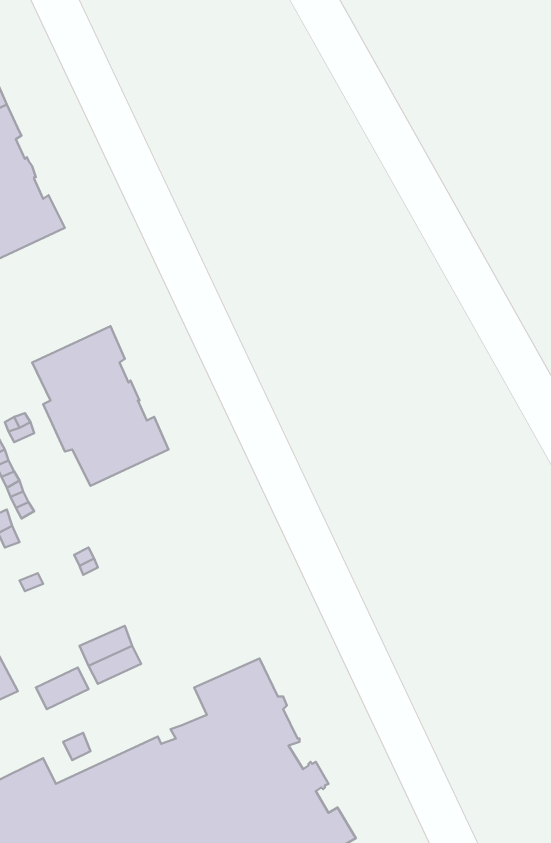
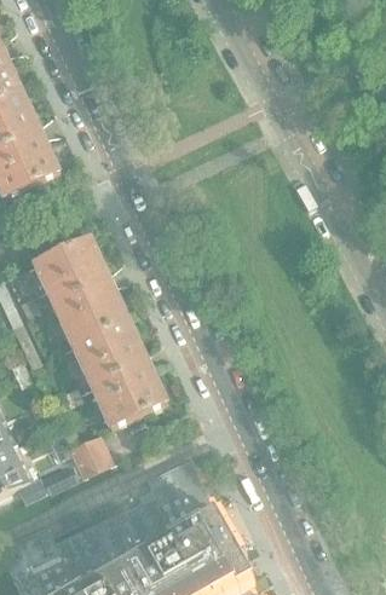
building: none -> [79,322,168,428]

